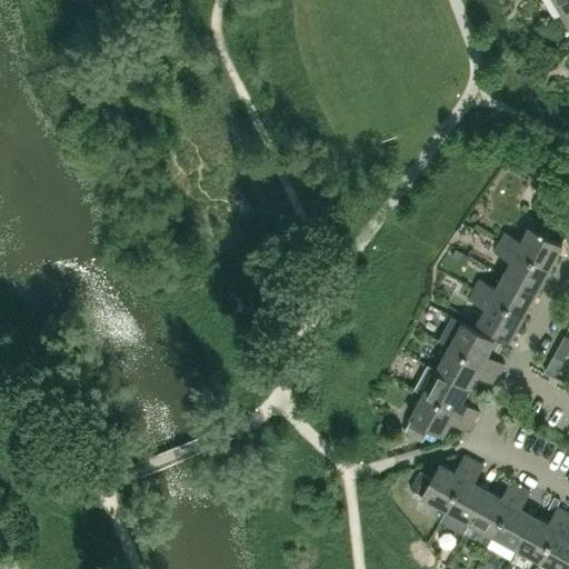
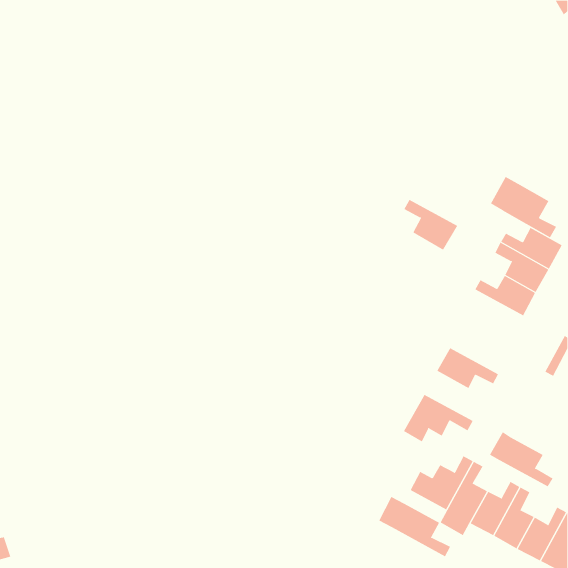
building: none -> [490,176,557,238]
building: [468,290,522,341] -> [404,199,458,250]
building: [449,323,503,375] -> none
building: [413,366,478,421] -> [489,432,554,487]
building: none -> [378,496,451,557]

